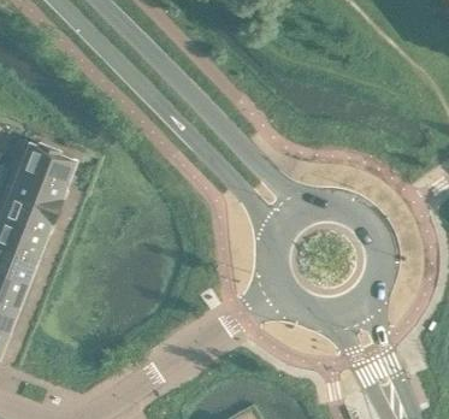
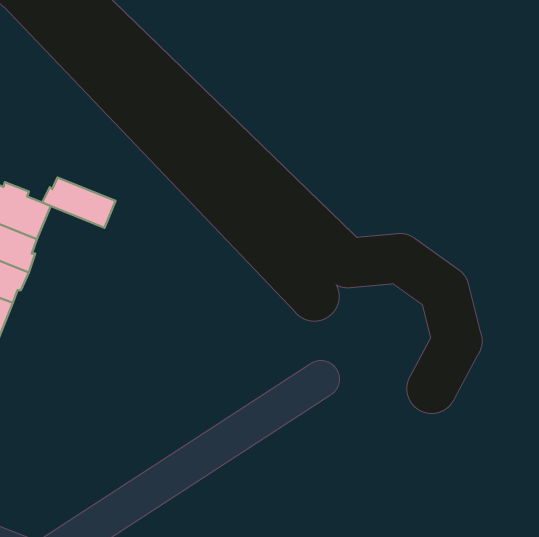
building: none -> [42,177,115,228]

